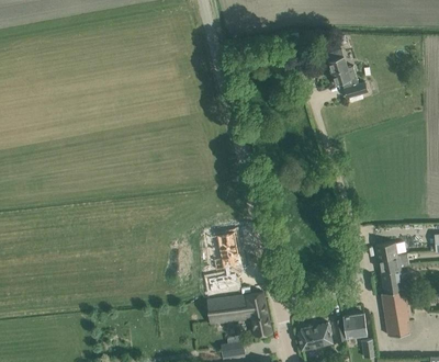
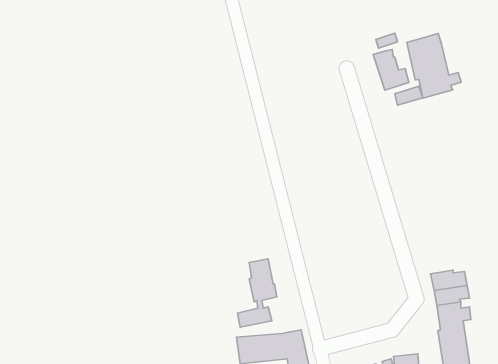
building: none -> [407,33,461,98]

